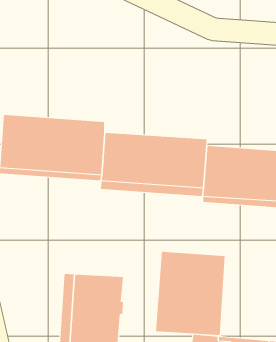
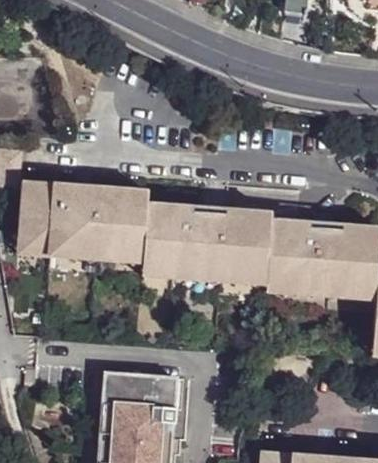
building: [156,251,225,336] -> none

